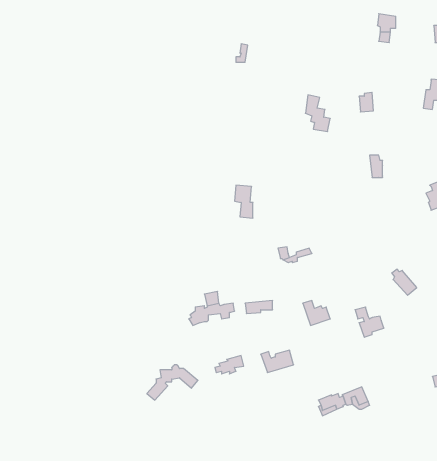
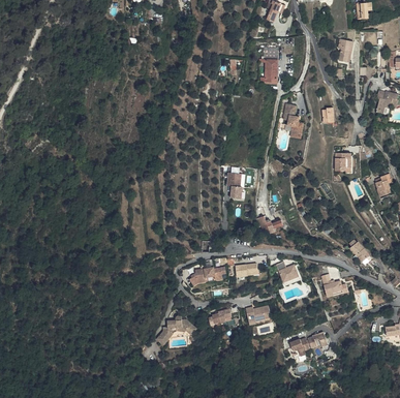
building: none -> [263,49,278,82]

